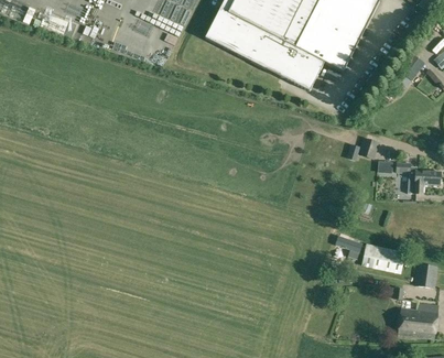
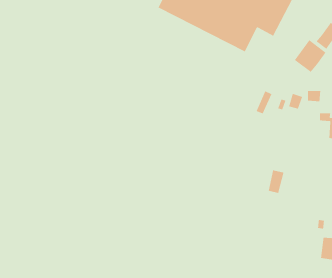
building: none -> [294,39,326,73]
building: [362,242,407,274] -> none

